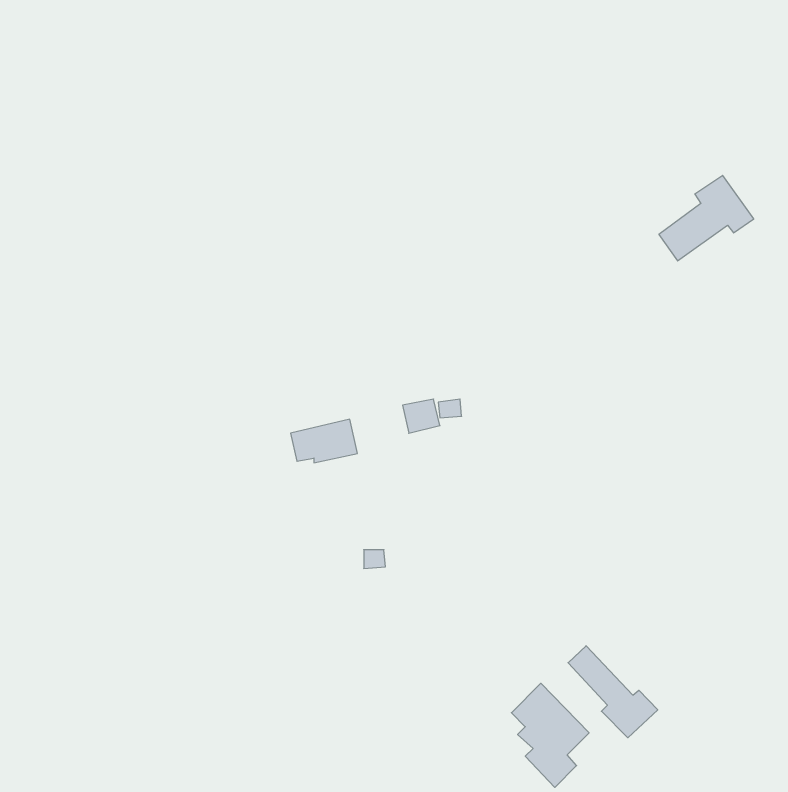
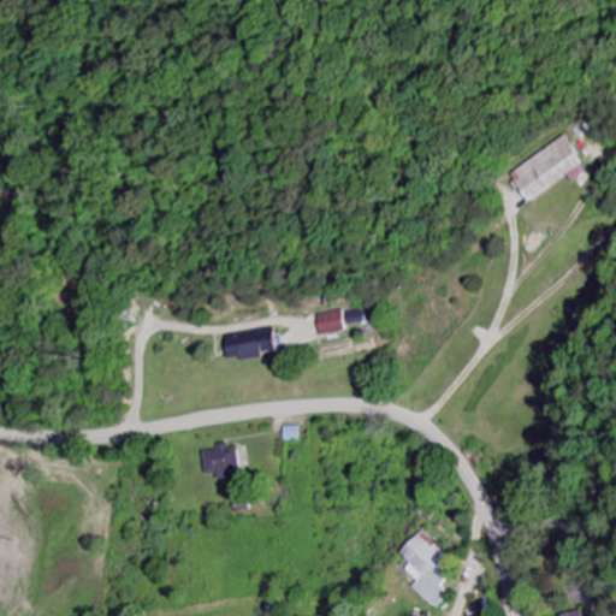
building: none -> [206,444,242,478]
building: [568,646,658,738] -> none

